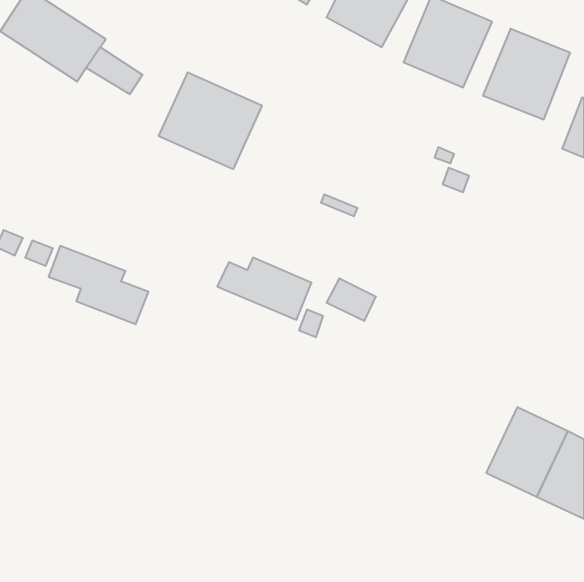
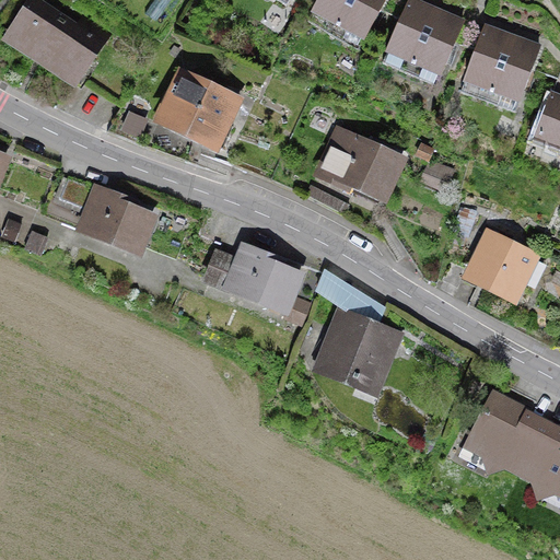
building: none -> [314,124,400,198]
building: none -> [457,230,542,313]
building: [49,246,149,324] -> [54,171,149,245]
building: none -> [315,308,399,390]

